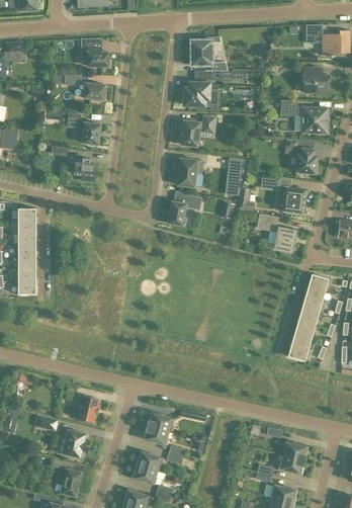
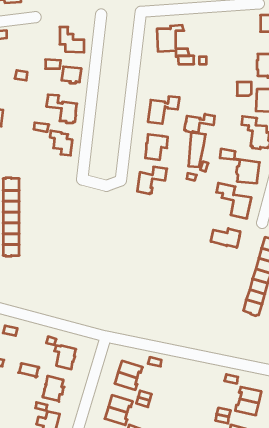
building: [183,82,209,105] -> none
building: none -> [184,114,215,133]
building: none -> [211,228,240,248]

